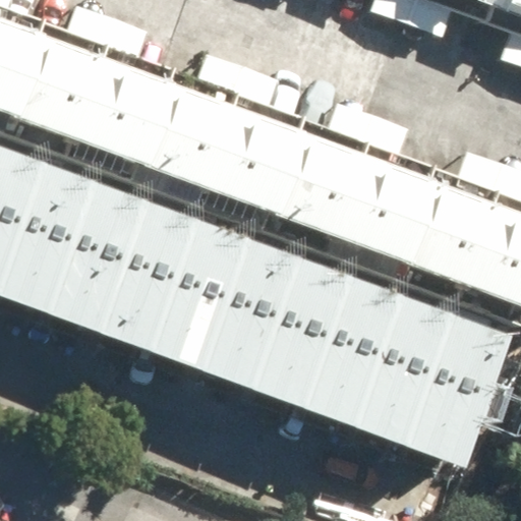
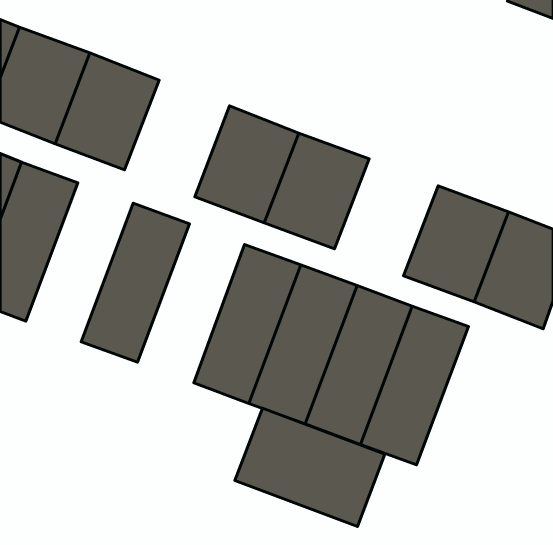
building: [117,75,216,185] -> none
building: [314,150,412,259] -> none
building: [24,172,125,322] -> none
building: [129,211,230,360] -> none
building: [392,307,493,458] -> none
building: none -> [235,408,385,526]

